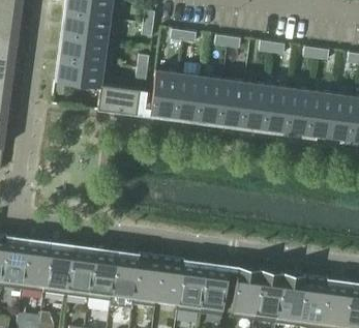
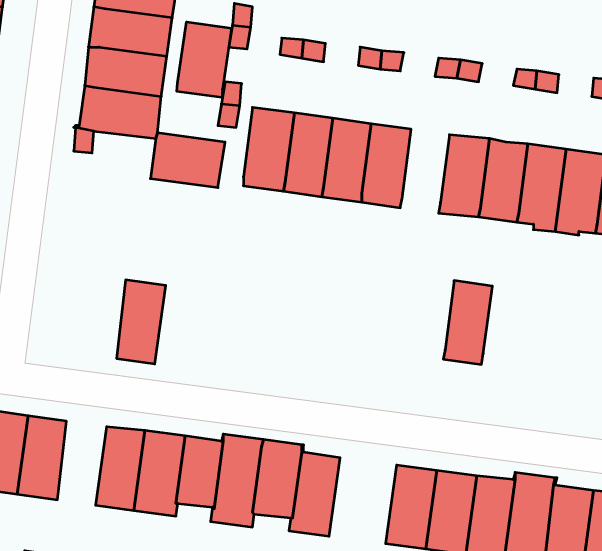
building: none -> [177,22,232,98]
building: [239,82,267,129] -> [443,281,492,364]
building: [44,247,72,295] -> [117,280,166,364]
building: [199,268,228,316] -> none

